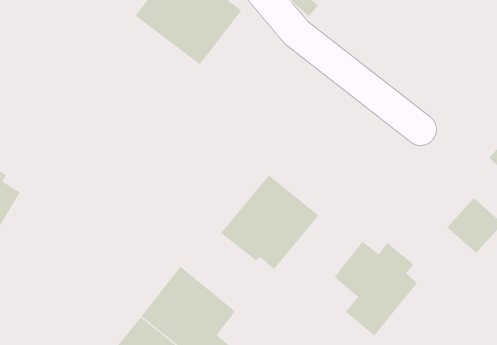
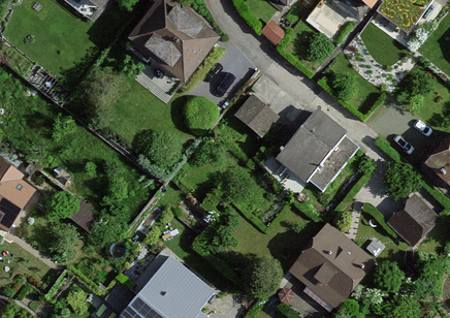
building: none -> [237,94,279,134]
building: [220,175,319,270] -> [276,109,358,189]

